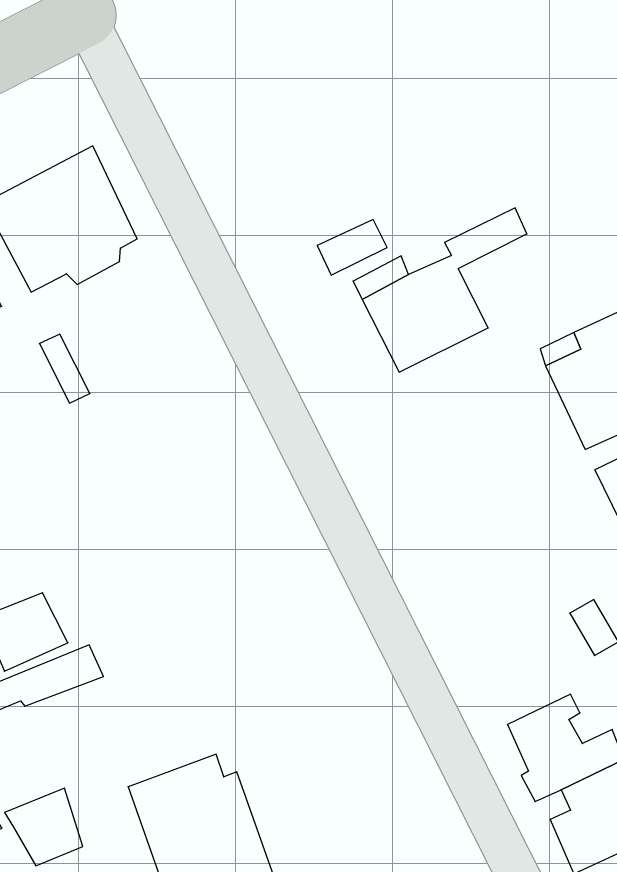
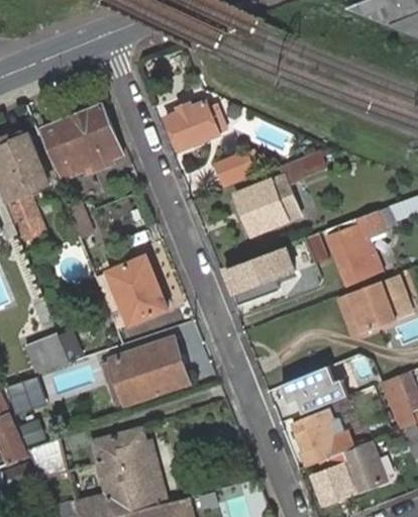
building: none -> [164,103,224,150]
building: none -> [226,250,291,305]
building: none -> [110,257,168,323]
building: none -> [110,339,188,403]
building: none -> [274,363,339,416]

